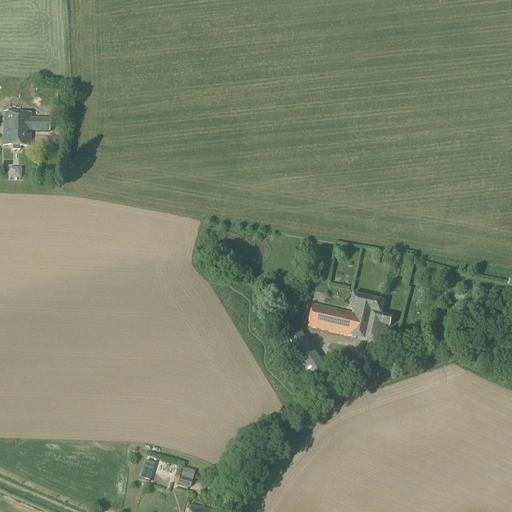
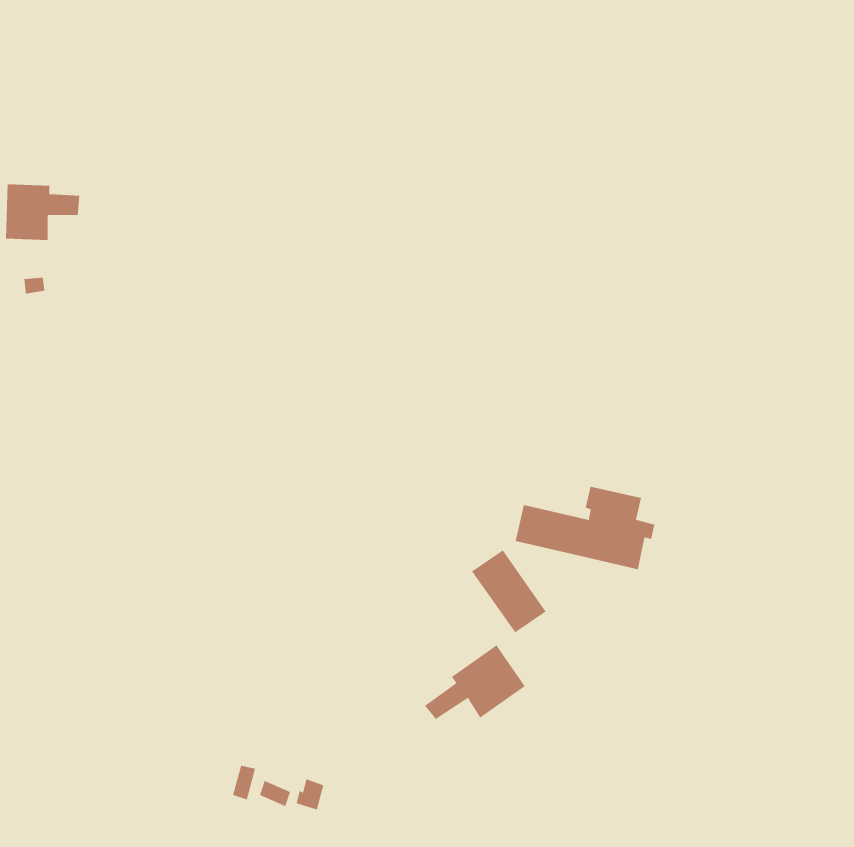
building: none -> [424,645,526,720]

